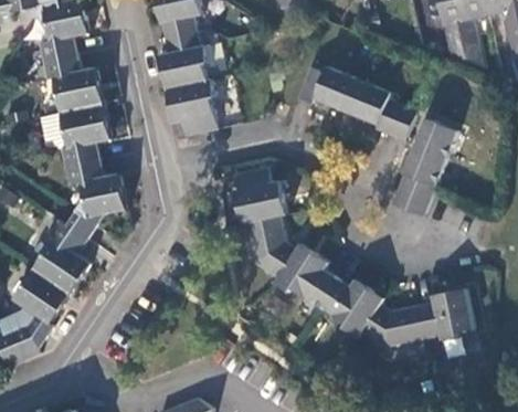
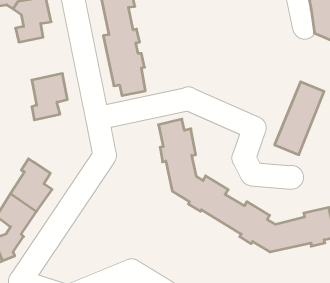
building: [43,55,103,114] -> none
building: [297,64,417,139] -> none
building: [64,160,125,241] -> none

